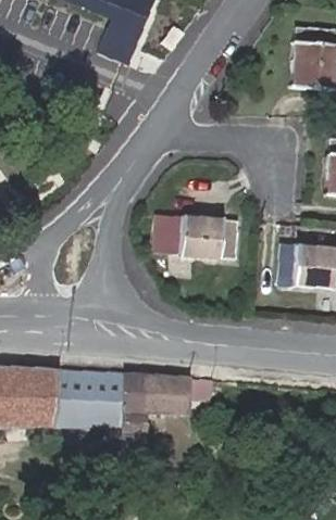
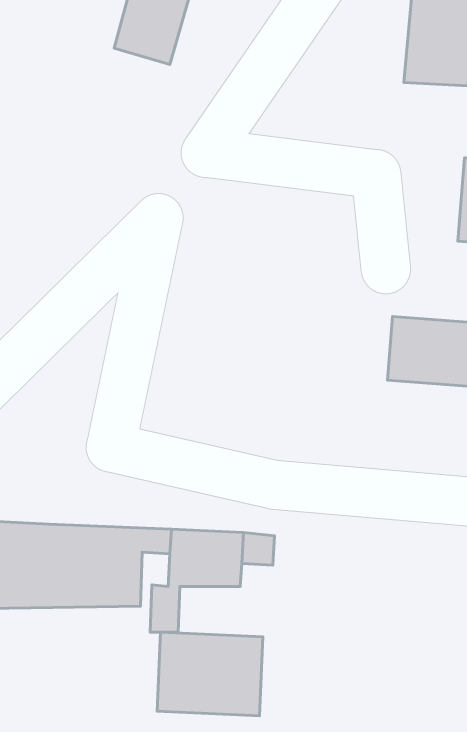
building: [153,207,241,251] -> none
building: none -> [157,632,263,716]

